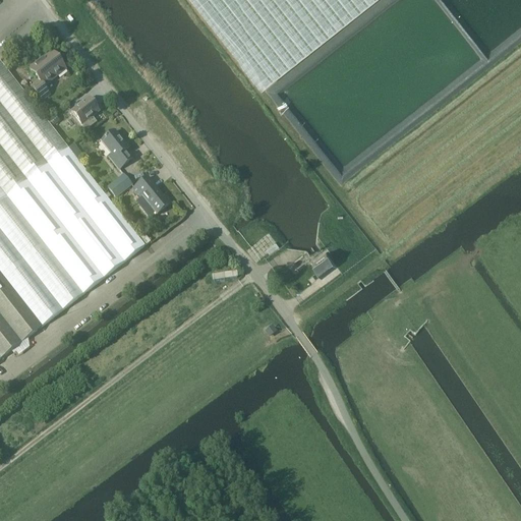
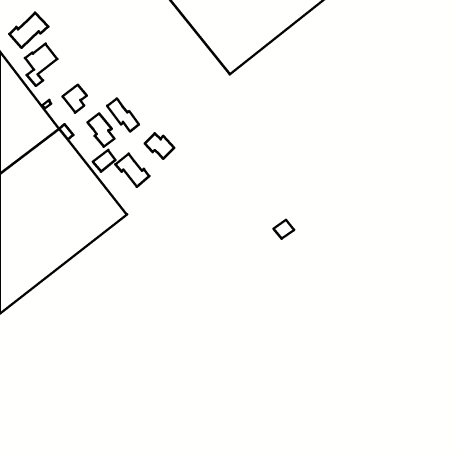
building: none -> [9,13,48,48]
building: none -> [107,99,139,131]
building: none -> [145,133,174,159]

